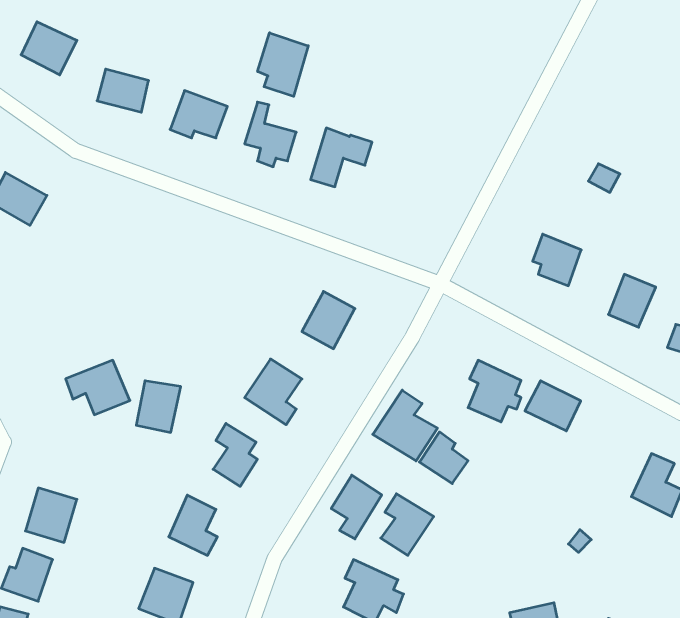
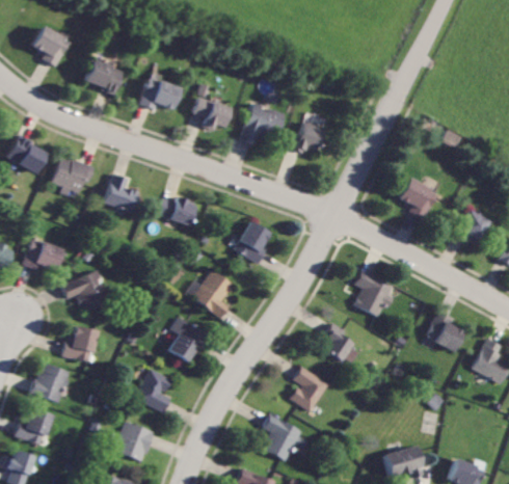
building: [258,33,308,96] -> none
building: none -> [290,124,323,154]
building: none -> [52,157,95,196]
building: none -> [104,174,139,213]
building: none -> [157,198,195,223]
building: none -> [24,239,63,273]
building: [525,381,581,431] -> [425,316,465,352]
building: [136,381,181,432] -> [66,325,99,362]
building: [373,390,437,461] -> none
building: [331,475,382,539] -> none

